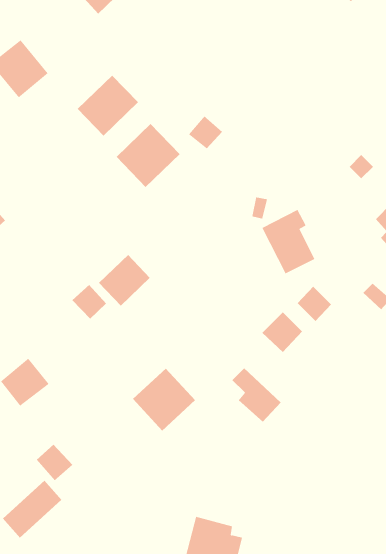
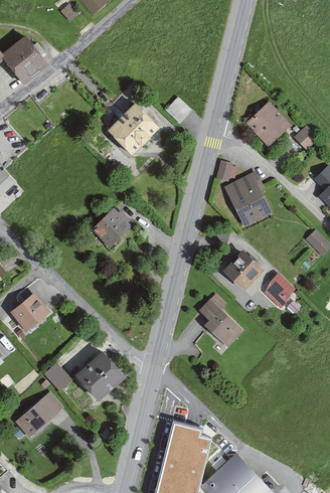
building: [77,75,139,136] -> none
building: none -> [246,105,286,144]
building: [71,284,107,320] -> none
building: [297,286,332,322] -> [263,276,291,305]
building: [132,368,196,431] -> [76,348,128,399]

